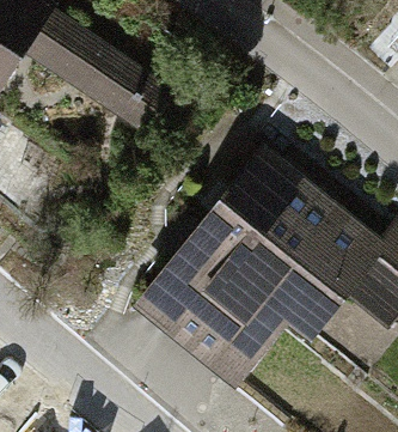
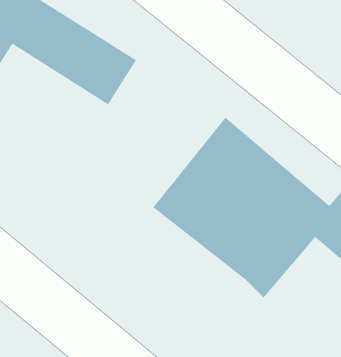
building: [130,244,281,384] -> none

